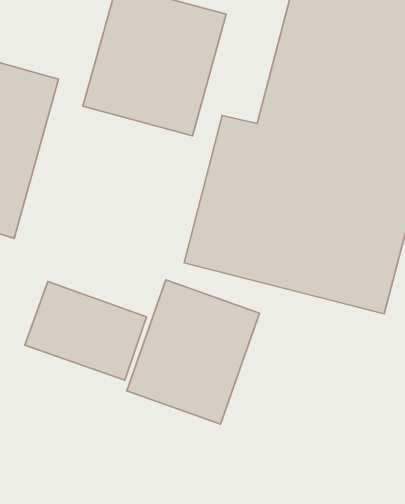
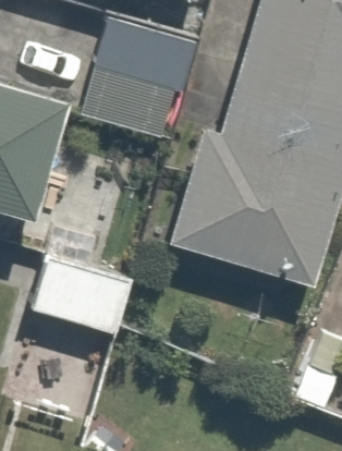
building: [127,280,260,424] -> none

